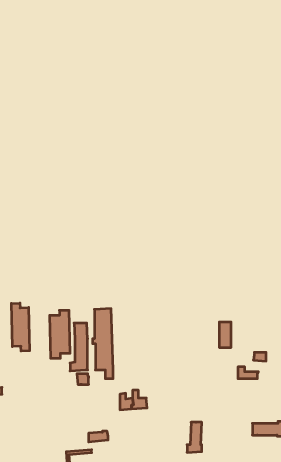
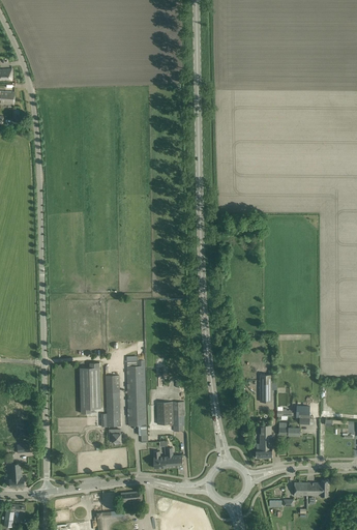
building: [11,303,30,351] -> none
building: none -> [156,402,183,431]
building: [187,422,202,452] -> [256,425,271,458]

